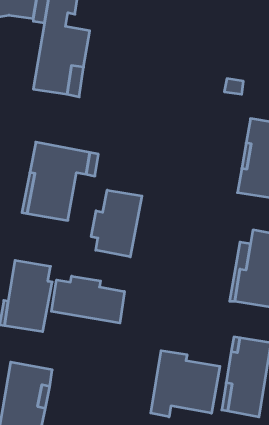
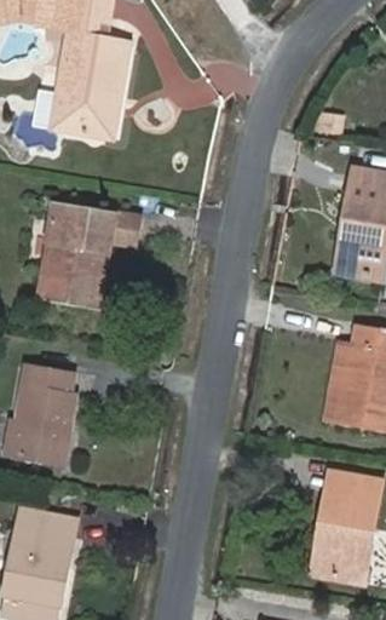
building: [91,190,142,257] -> none
building: [51,276,124,323] -> none
building: [151,351,220,417] -> none

